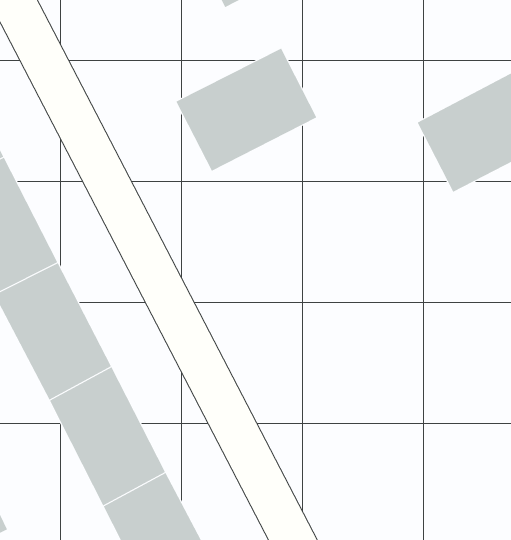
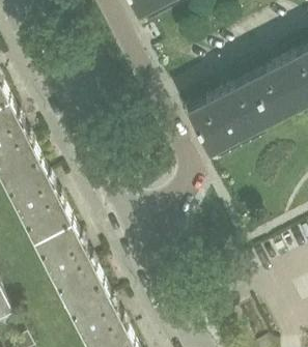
building: [176,48,317,171] -> [185,77,267,148]

